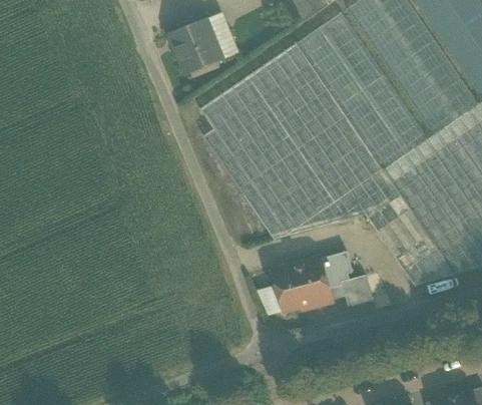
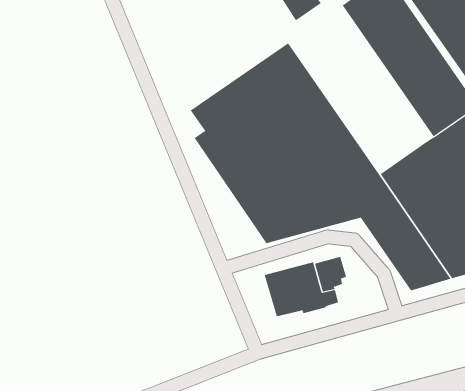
building: [296,11,431,171] -> none
building: [169,19,222,74] -> none
building: [341,275,373,307] -> none

